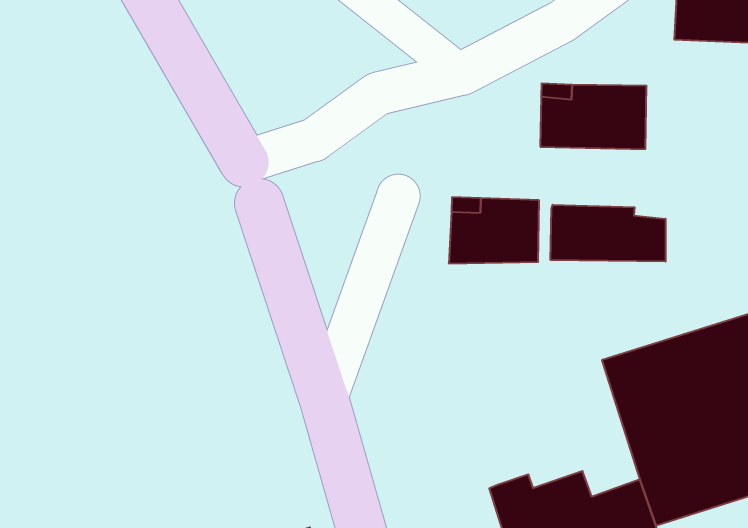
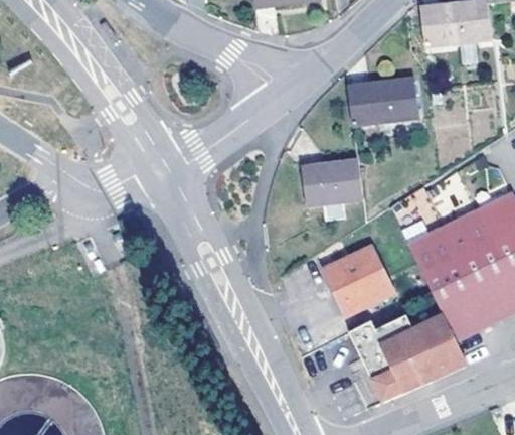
building: [551,205,666,262] -> none
building: none -> [328,253,393,321]

